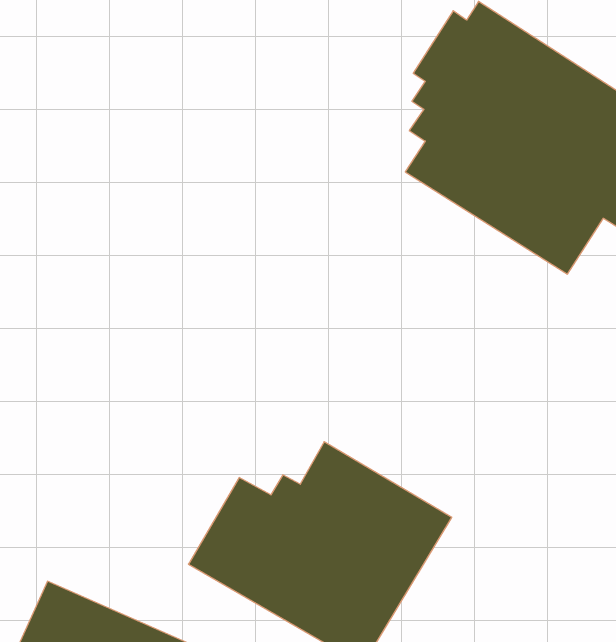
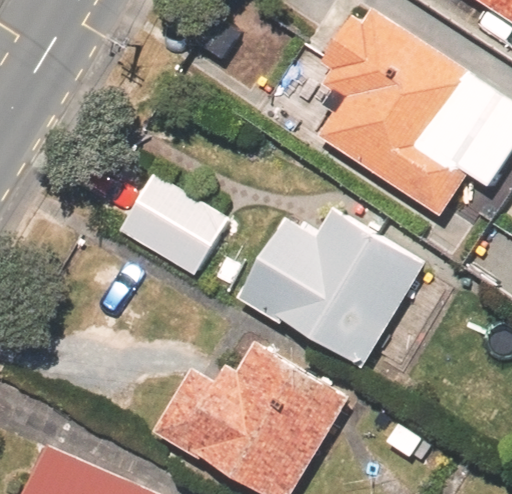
building: none -> [118,175,225,275]
building: none -> [237,208,424,369]

